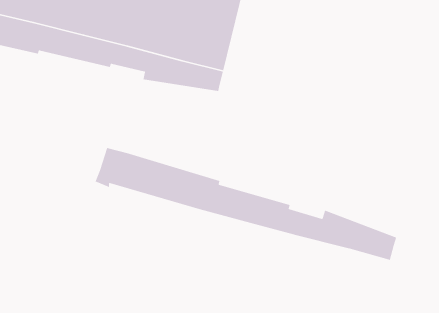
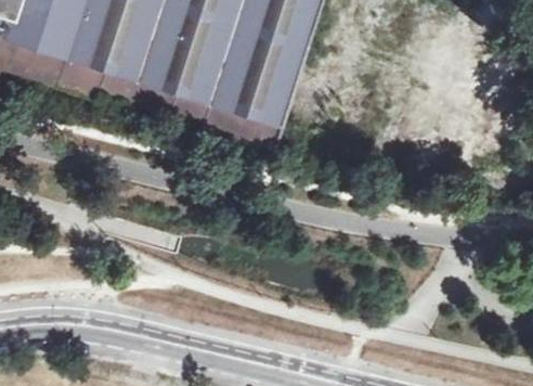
building: [95,147,397,261] -> none

